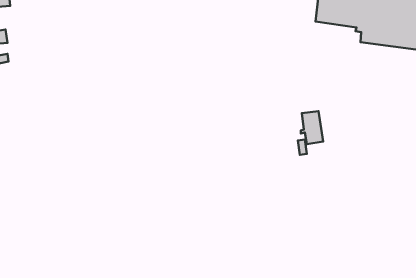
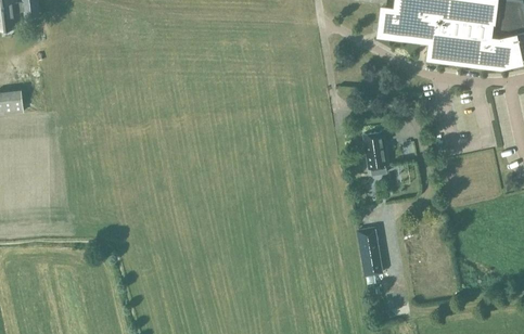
building: none -> [358,229,381,277]

